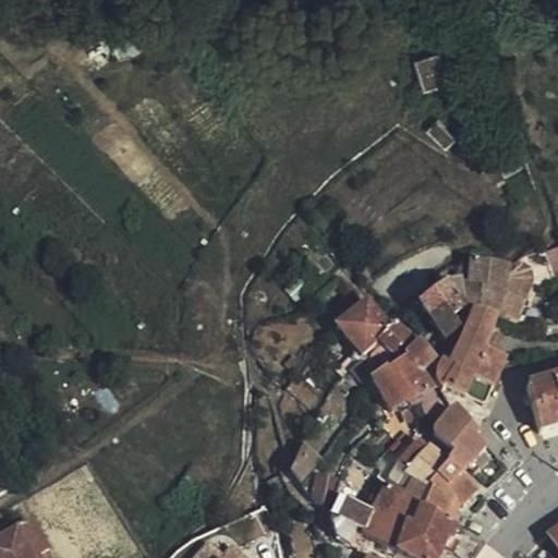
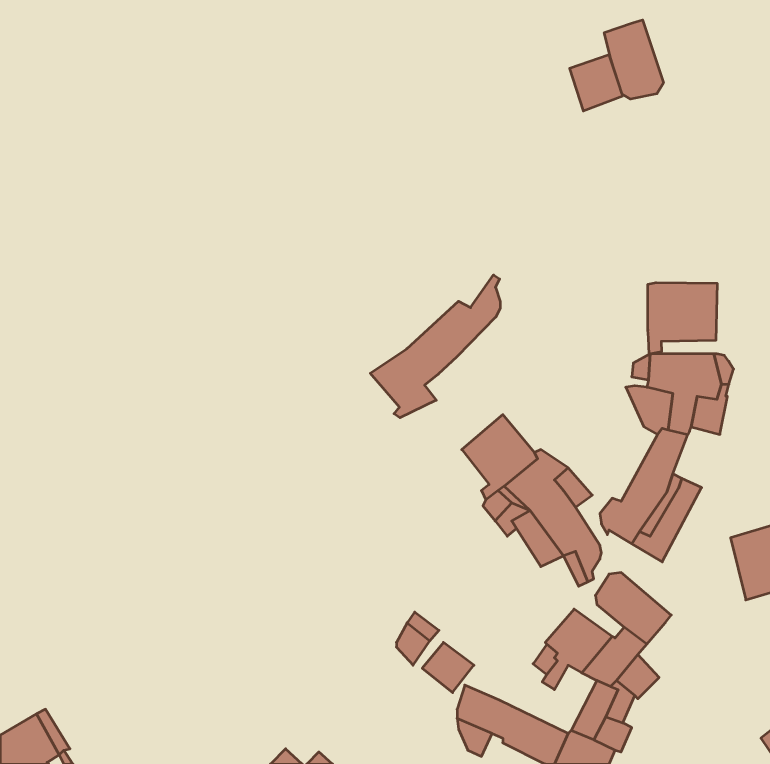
building: none -> [604,20,663,99]
building: none -> [370,275,500,418]
building: none -> [648,283,717,354]
building: [417,278,466,335] -> none
building: [372,477,433,526] -> none

